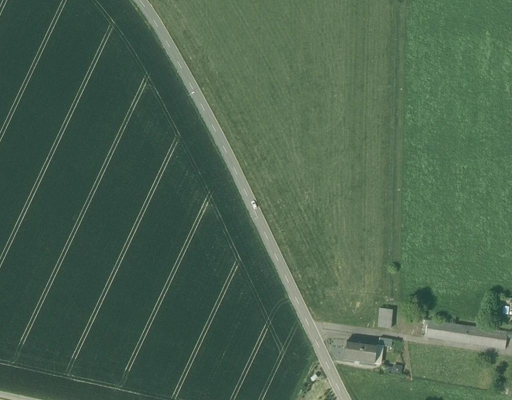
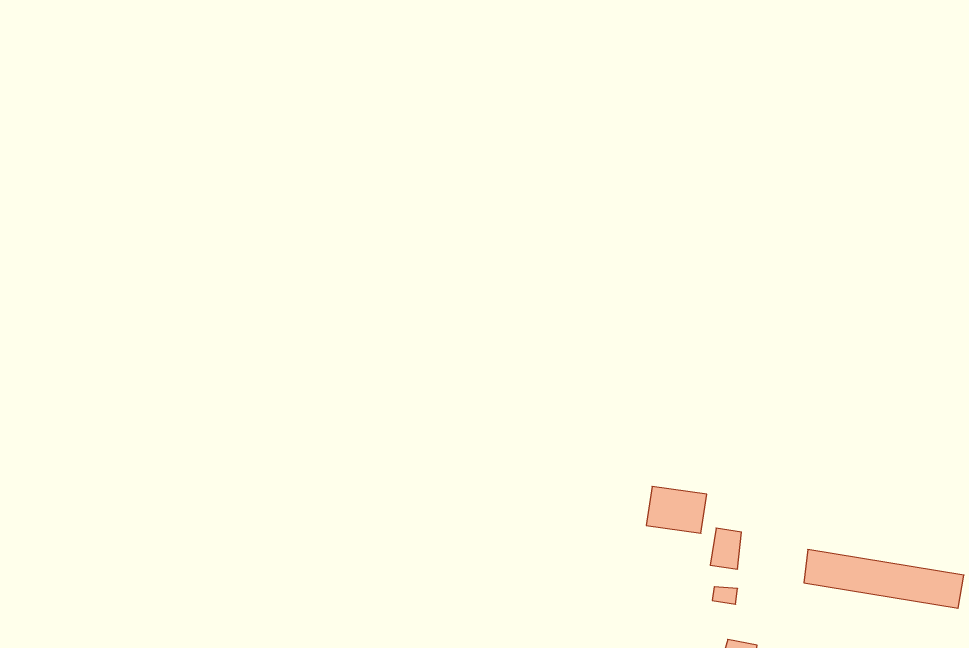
building: [344,340,375,364] -> [646,486,707,533]

